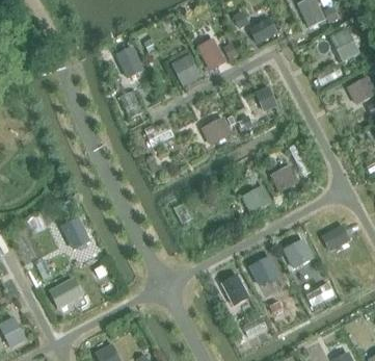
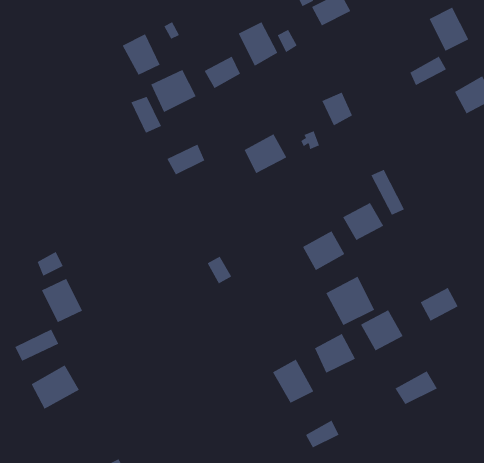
building: none -> [151,69,196,113]
building: none -> [326,276,375,326]

